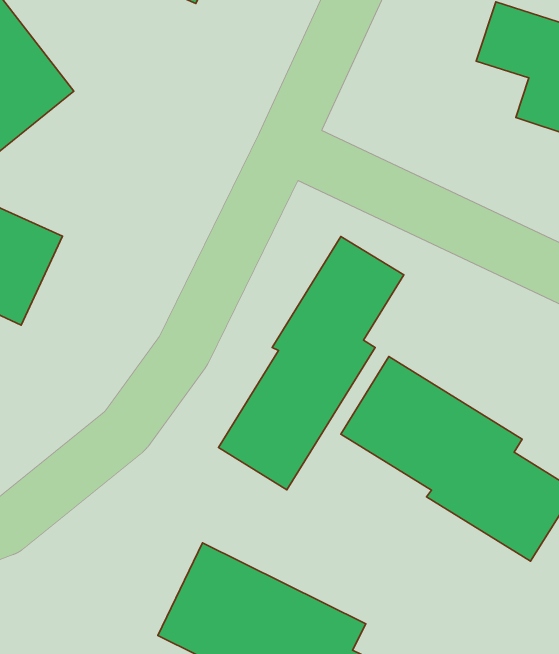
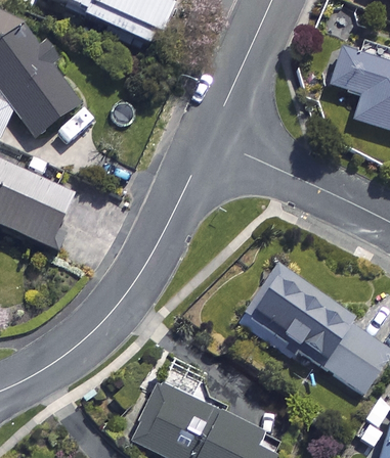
building: [219,236,404,490] -> none

